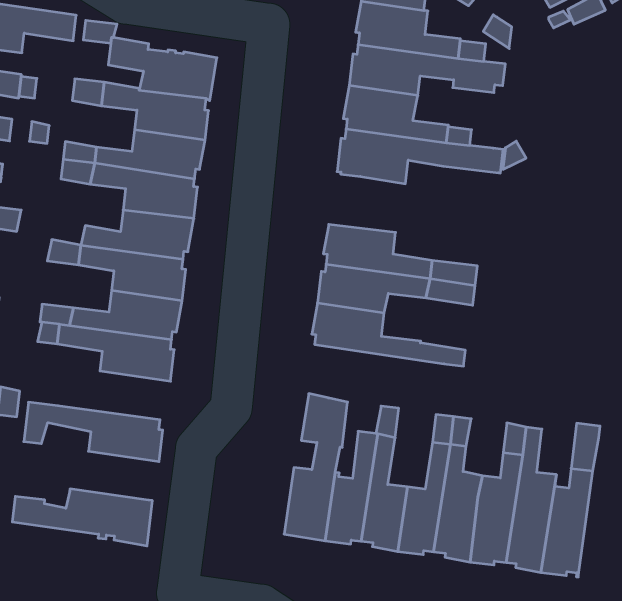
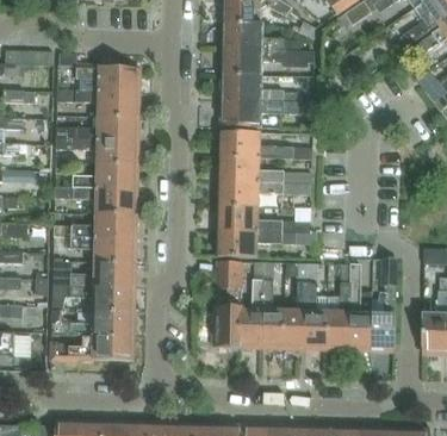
building: none -> [219,131,312,161]
building: none -> [217,231,298,257]
building: none -> [52,262,136,287]
building: none -> [52,310,135,336]

